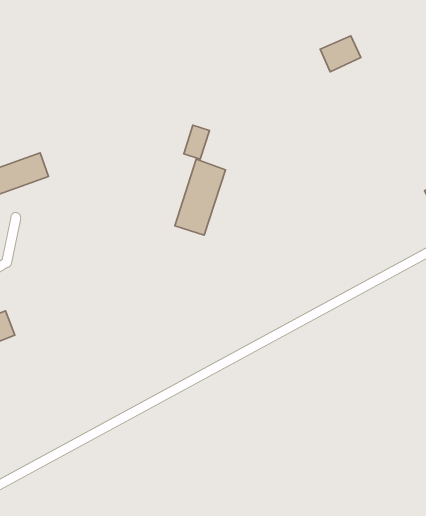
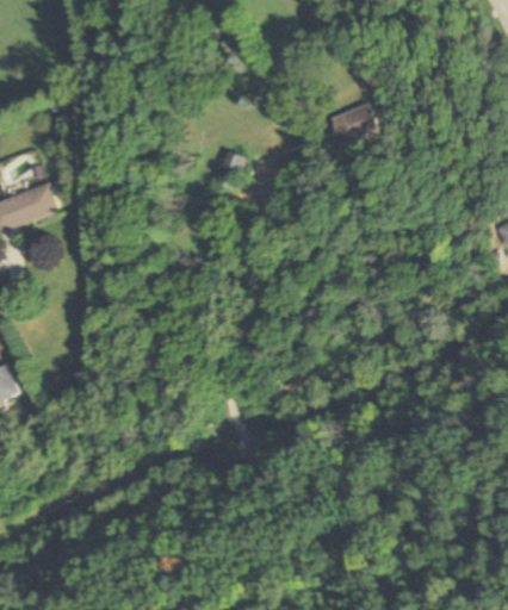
building: [320,36,361,72] -> [323,102,371,144]
building: [175,159,226,235] -> none

